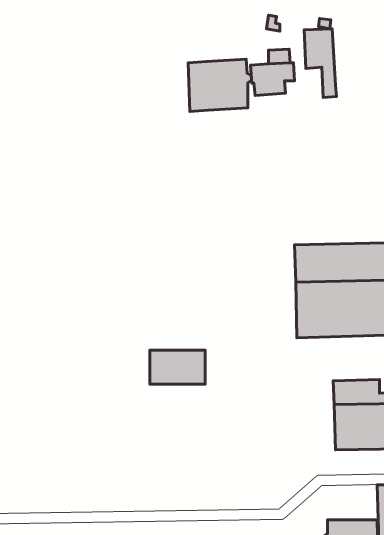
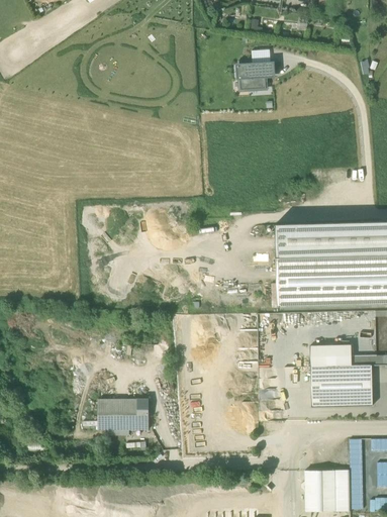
building: [304,29,336,97] -> none
building: [188,59,252,111] -> none
building: [150,350,205,384] -> [99,399,149,429]

